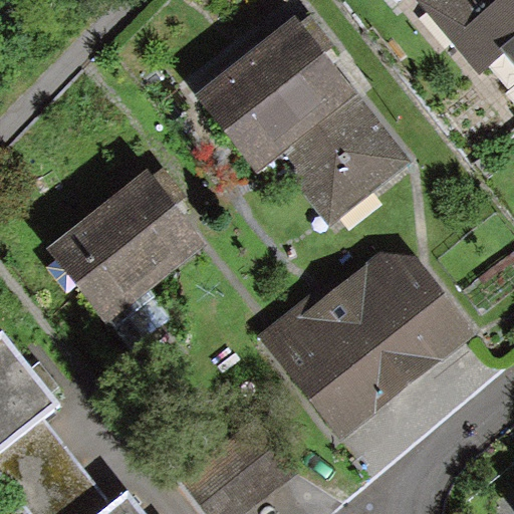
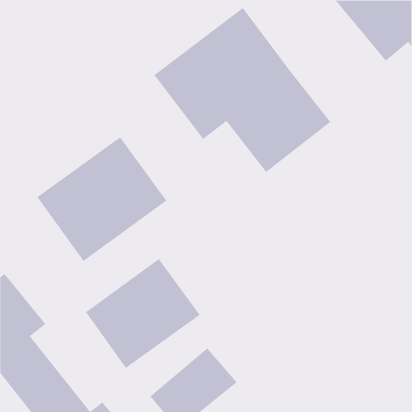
building: [267,253,474,435] -> none
building: none -> [85,258,201,369]

